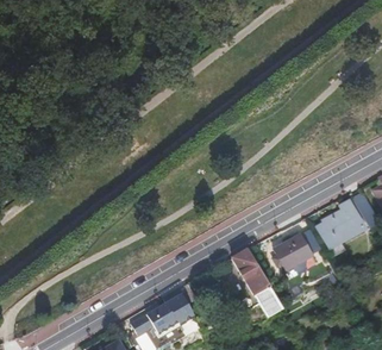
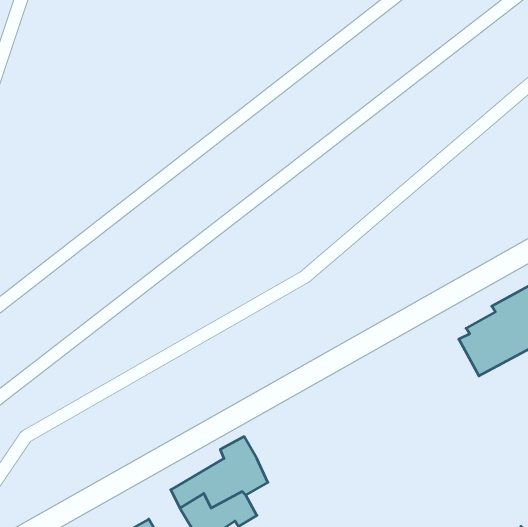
building: [271,235,312,270] -> none
building: [231,249,281,318] -> none

